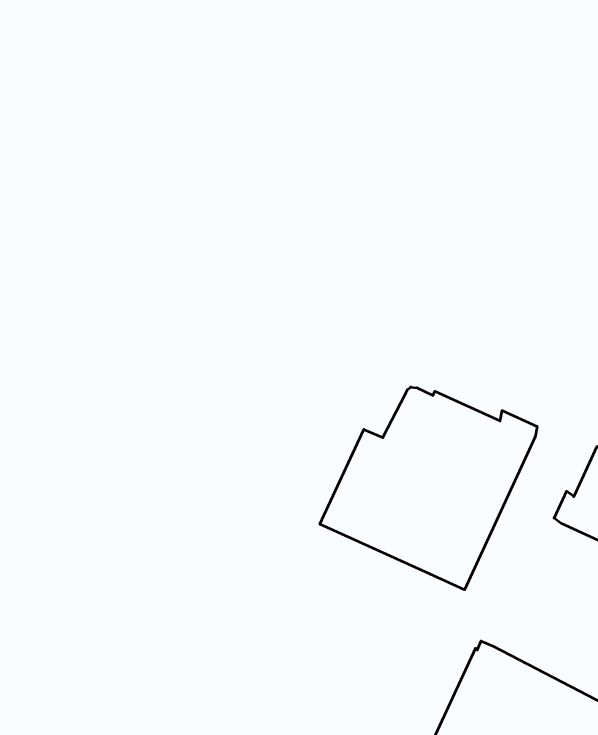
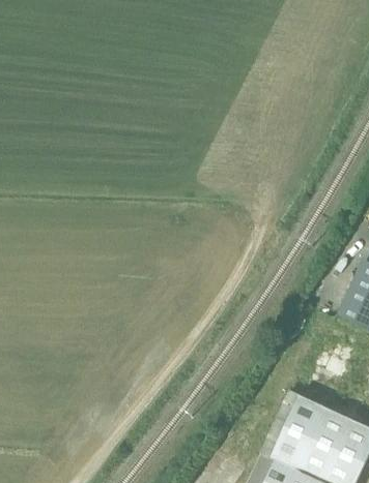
building: [320,387,537,590] -> none

